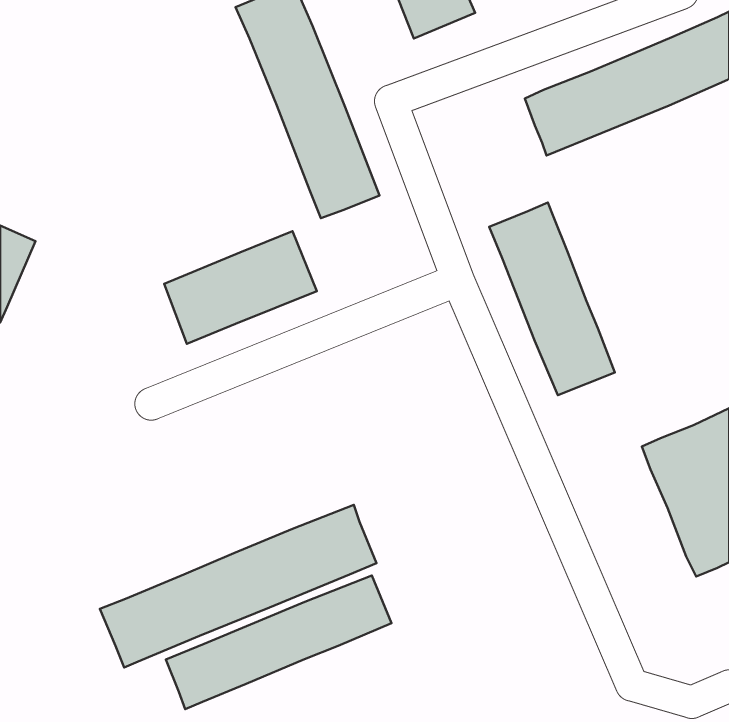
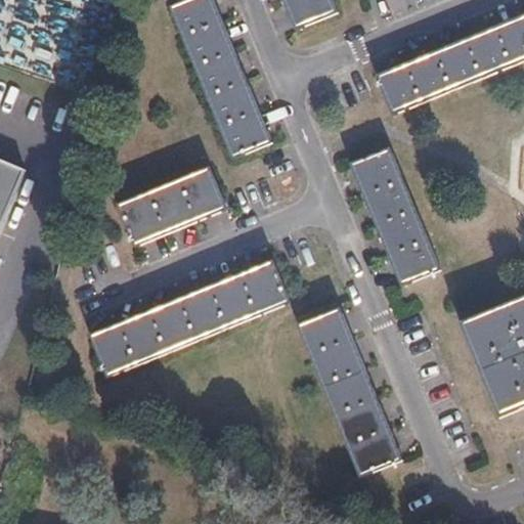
building: none -> [296,307,402,477]
building: [100,505,377,667] -> [91,260,290,377]
building: [166,575,392,709] -> none

